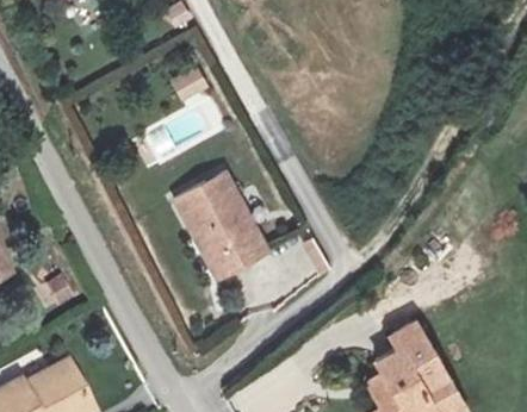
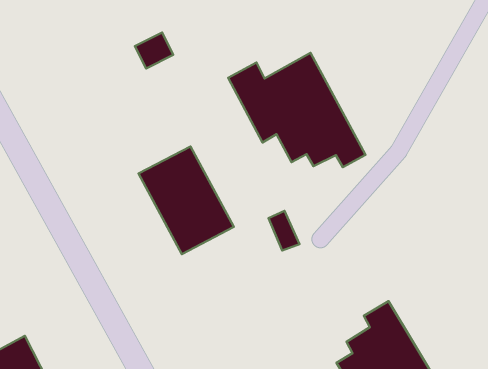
building: none -> [228,53,365,167]

